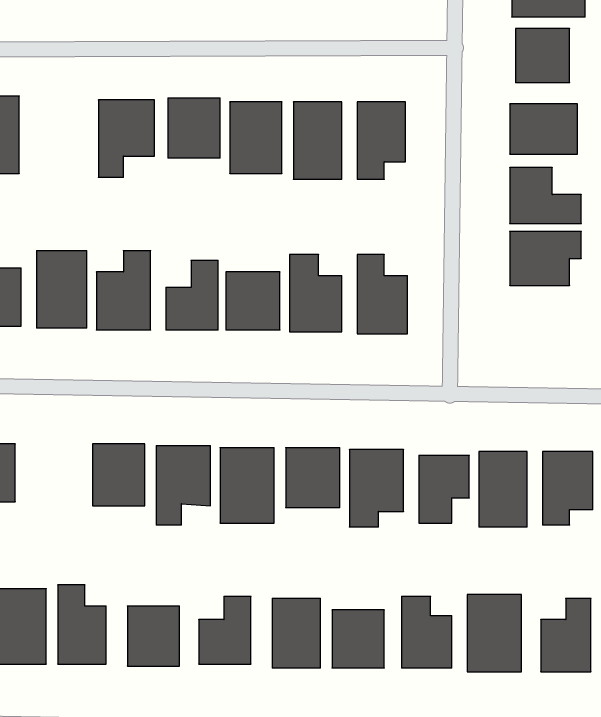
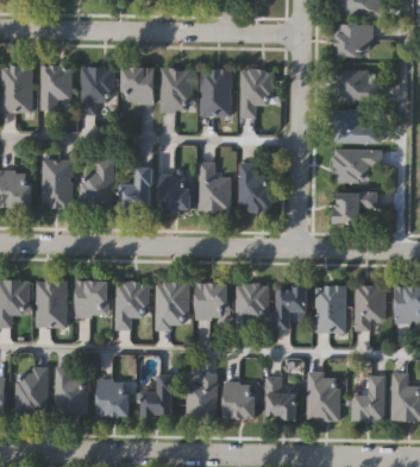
building: none -> [40,67,70,111]
building: none -> [337,191,375,223]
building: none -> [36,279,65,327]

